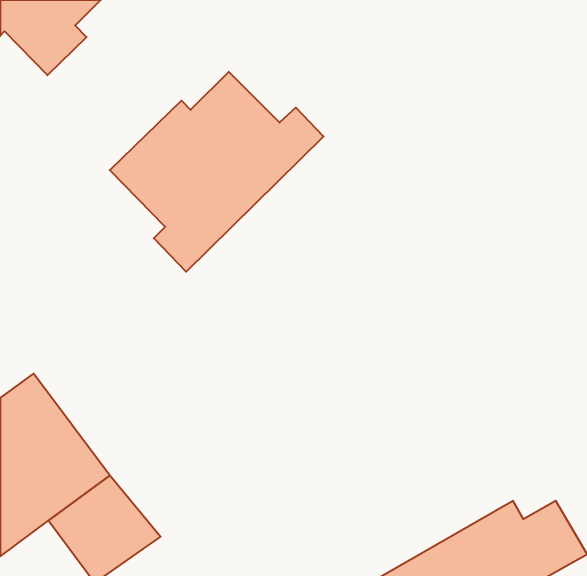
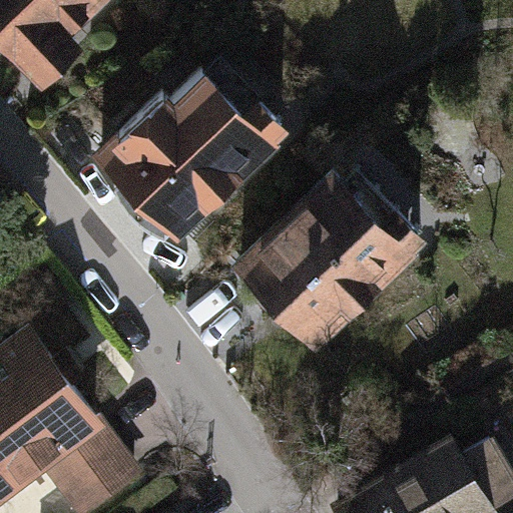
building: none -> [235,176,404,337]

